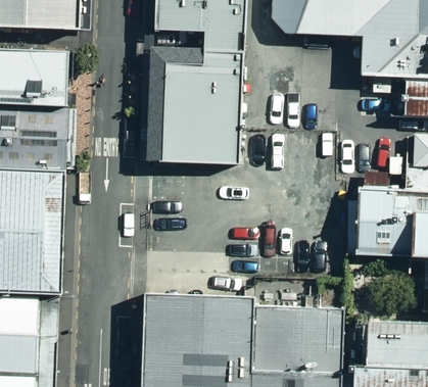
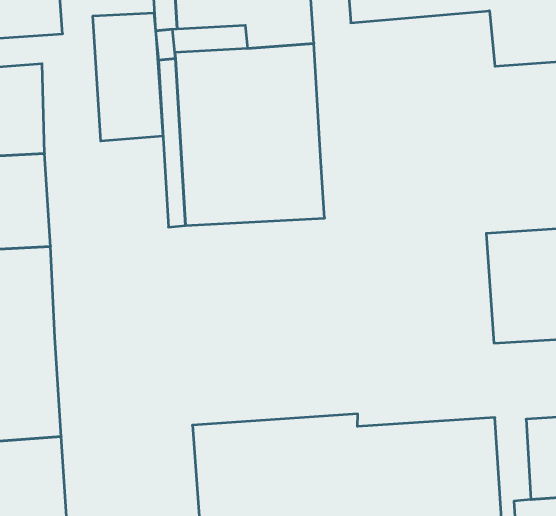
building: none -> [93,13,163,141]

